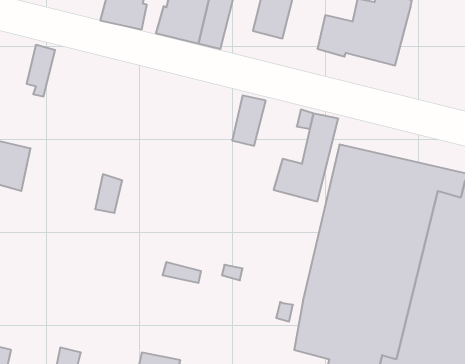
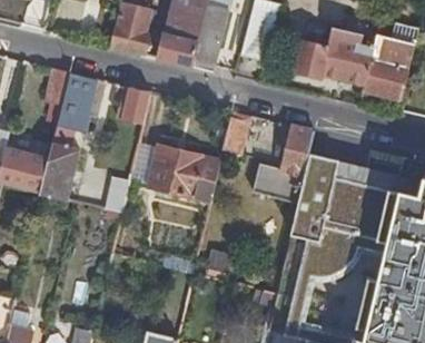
building: none -> [362,36,413,100]
building: none -> [57,72,97,131]
building: none -> [116,86,150,144]
building: none -> [41,143,80,199]
building: none -> [147,146,220,202]

